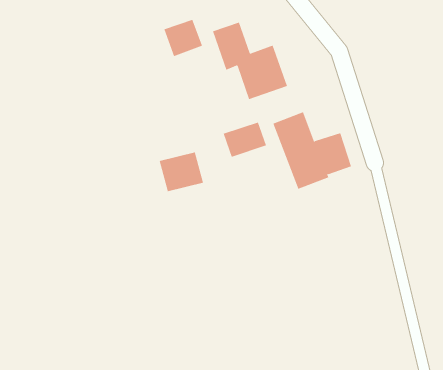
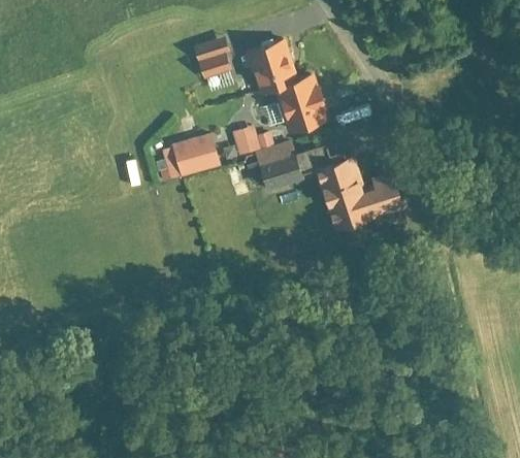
building: none -> [231,124,264,159]
building: [159,152,204,192] -> [169,133,220,178]

